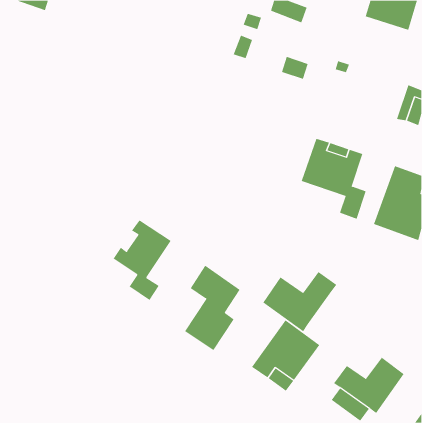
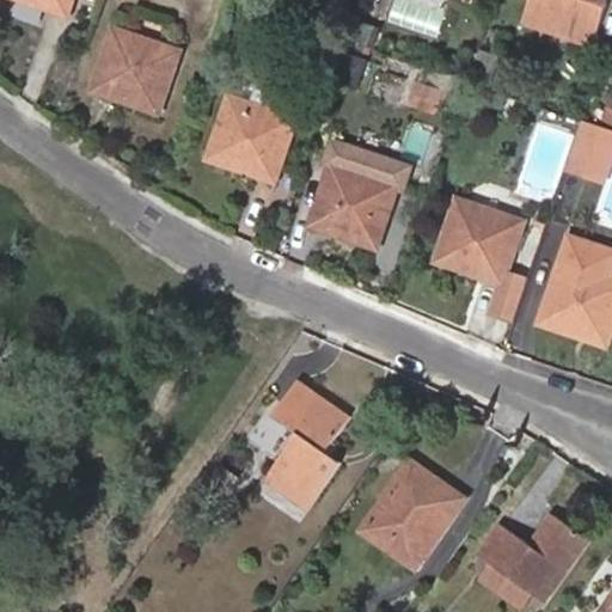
building: none -> [92,29,178,114]
building: none -> [208,87,295,183]
building: none -> [311,149,397,250]
building: [113,220,171,301] -> none
building: [262,271,337,332] -> none

